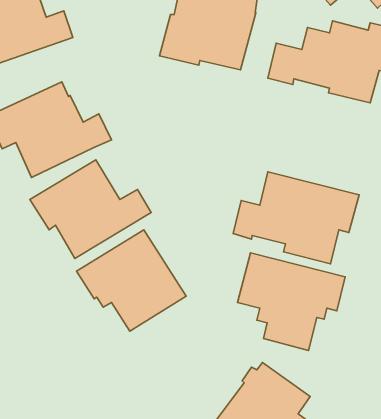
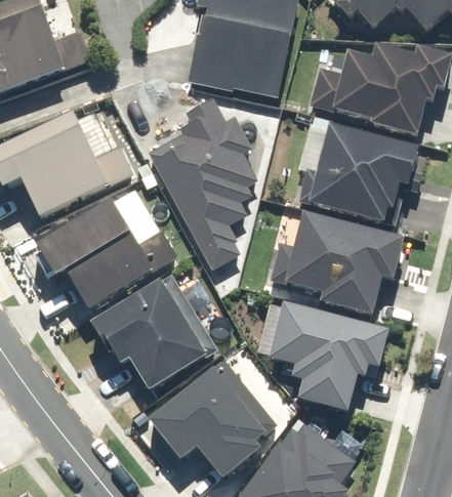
building: none -> [143,97,254,270]
building: none -> [294,122,420,220]
building: none -> [150,361,273,475]

